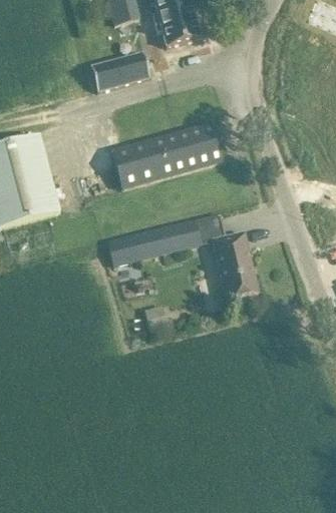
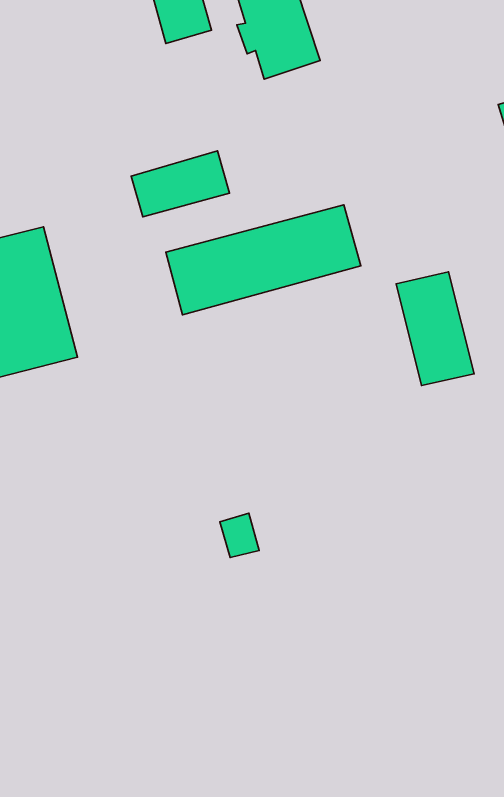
building: [92,52,150,91] -> [131,151,229,217]
building: [109,219,203,264] -> none
building: [214,231,260,299] -> [396,272,474,386]

